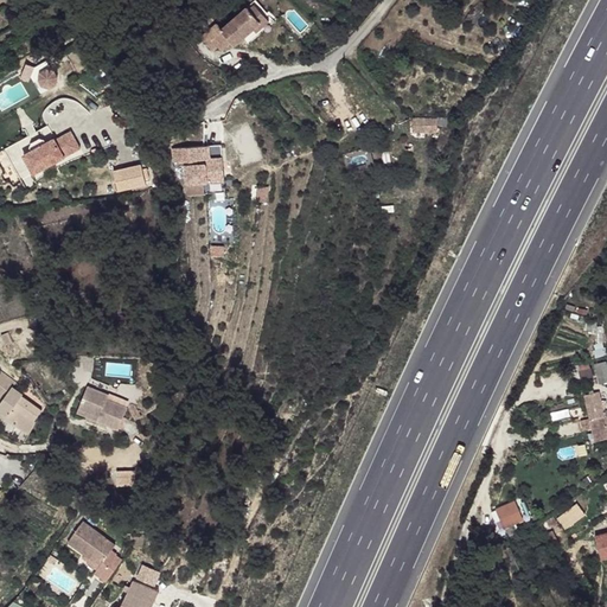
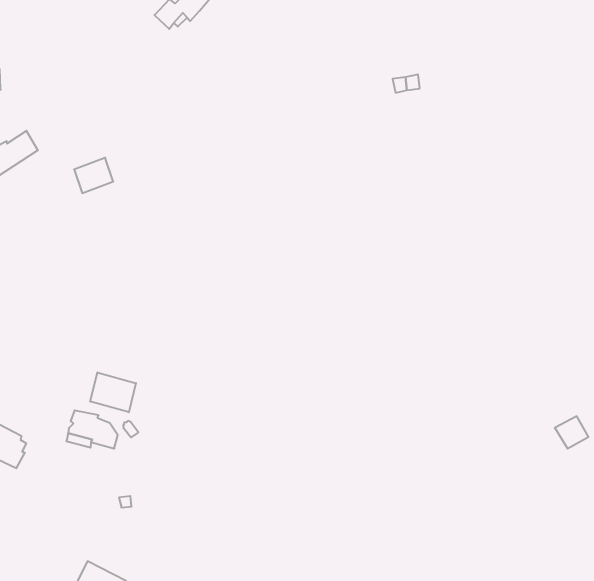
building: [175,151,226,191] -> none
building: none -> [90,372,136,412]
building: [492,499,522,528] -> [555,416,588,449]

